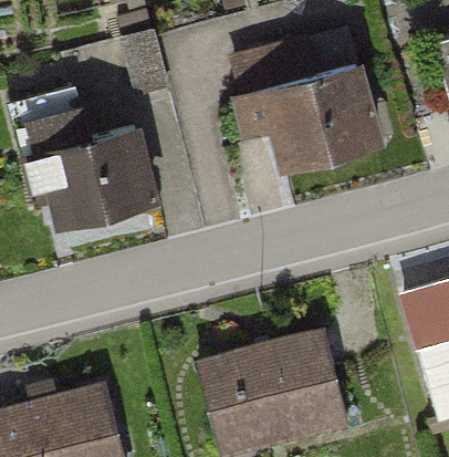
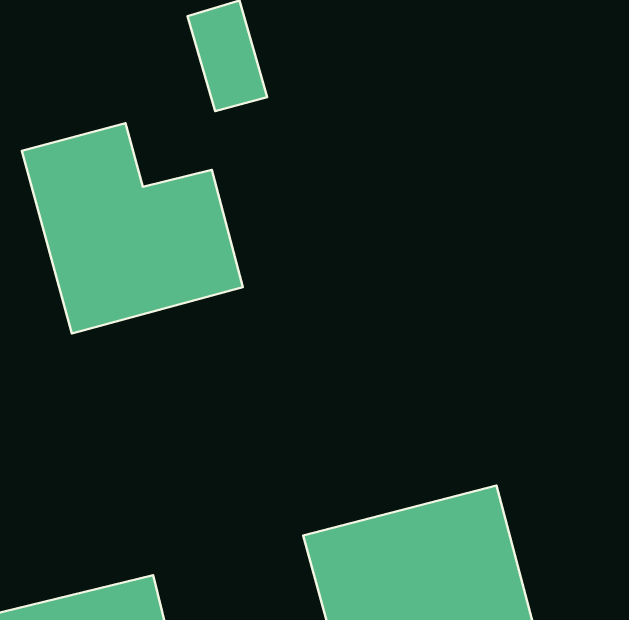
building: [234,64,385,172] -> none

